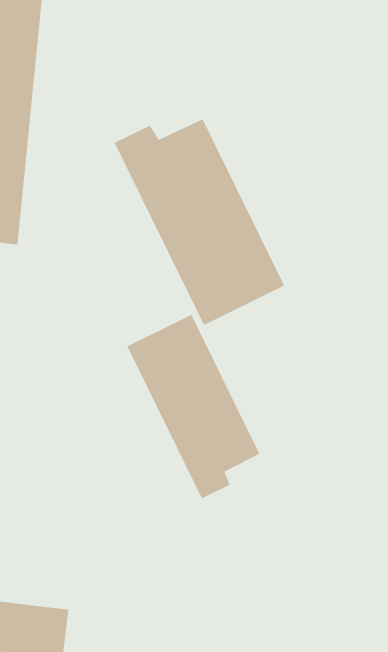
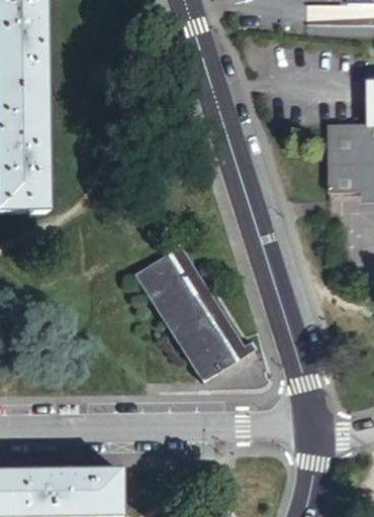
building: [114,118,285,326] -> none

